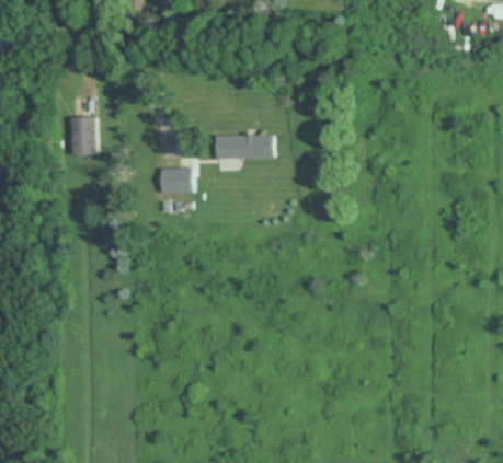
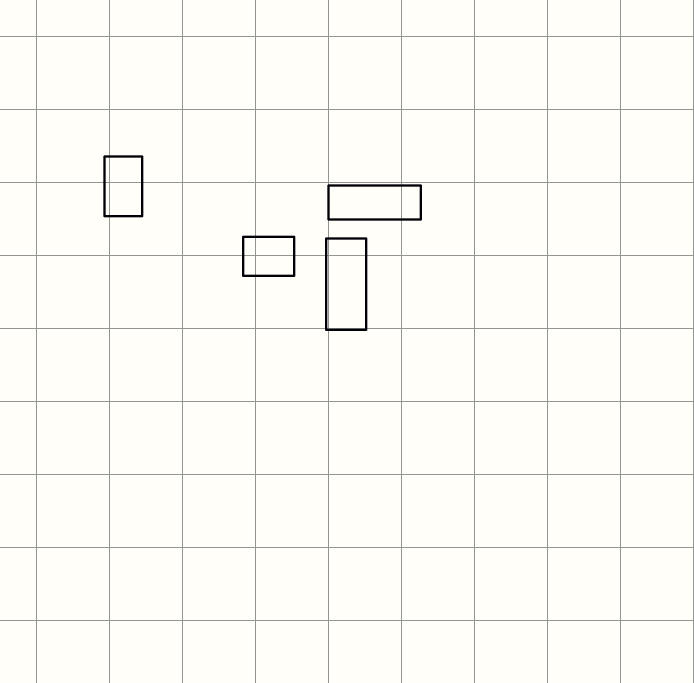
building: none -> [326,239,366,330]

